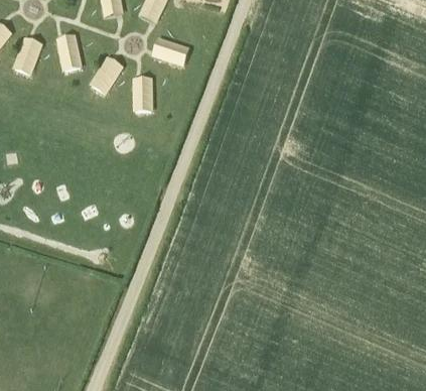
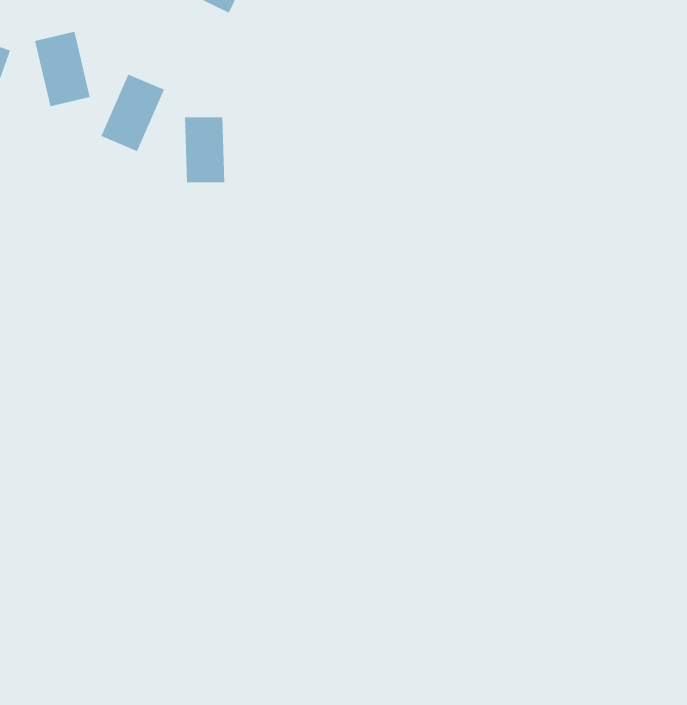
building: [151,35,188,64] -> none

